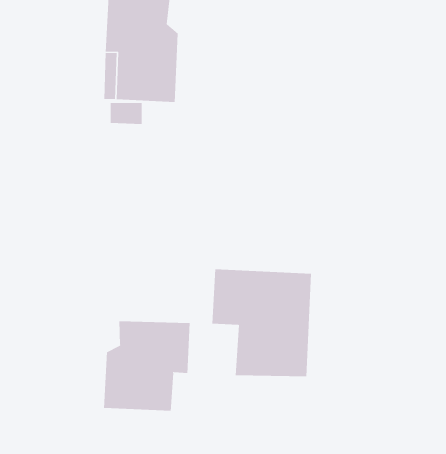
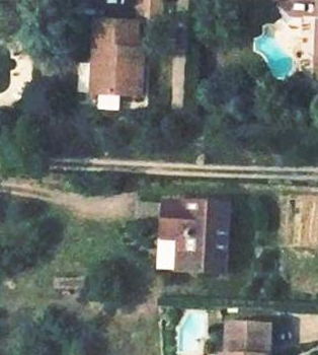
building: [103,320,190,411] -> none

